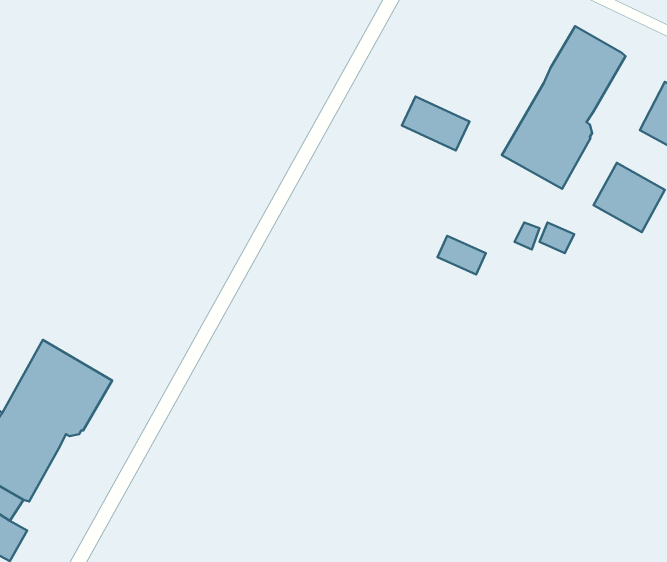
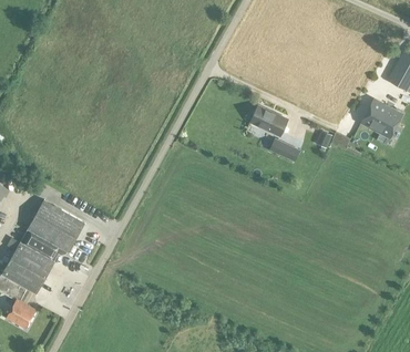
building: [502,26,626,189] -> none
building: [402,97,469,151] -> [249,104,288,135]

